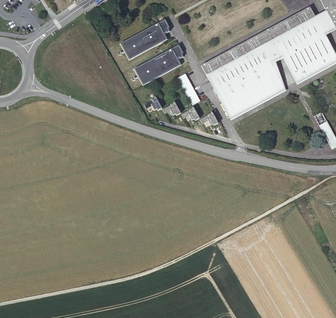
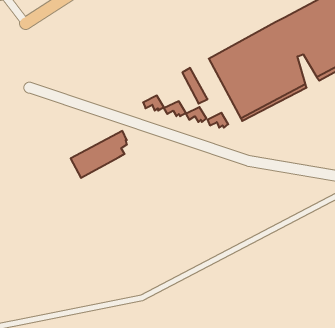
building: [119,17,168,58] -> none
building: [133,43,182,84] -> [71,131,127,178]

